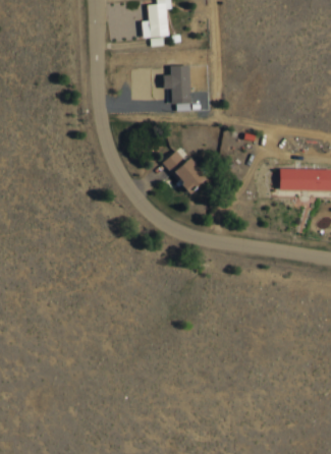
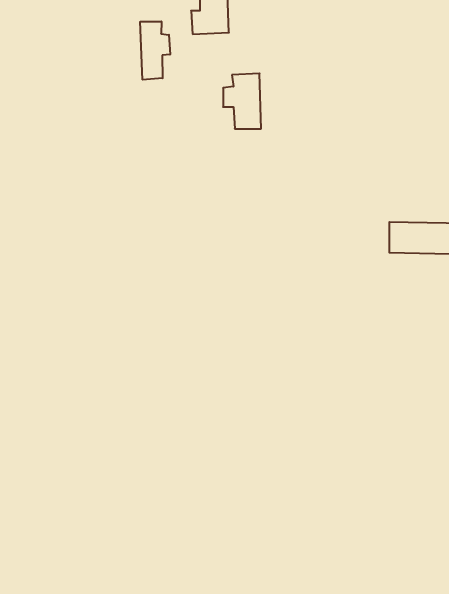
building: none -> [140,21,170,80]
building: [164,152,208,192] -> none

